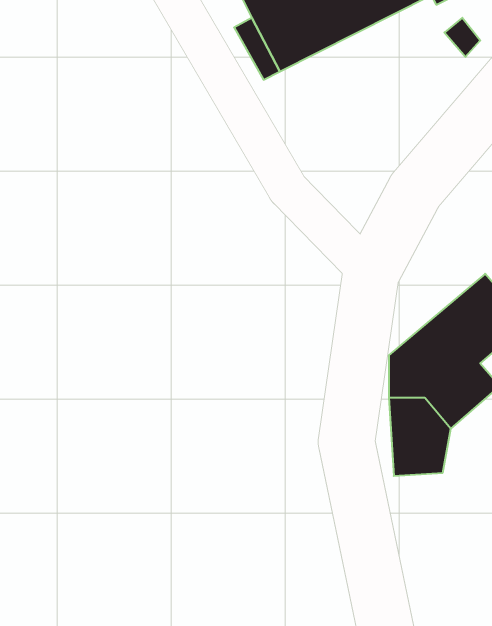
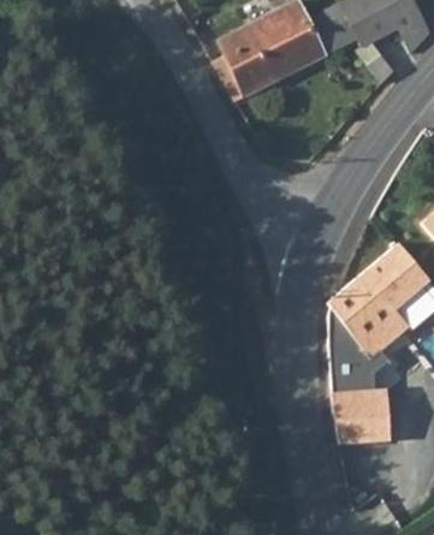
building: none -> [332,388,391,442]

